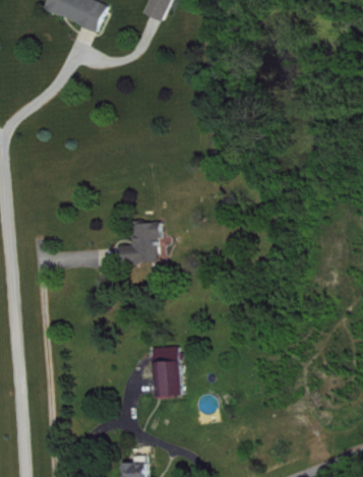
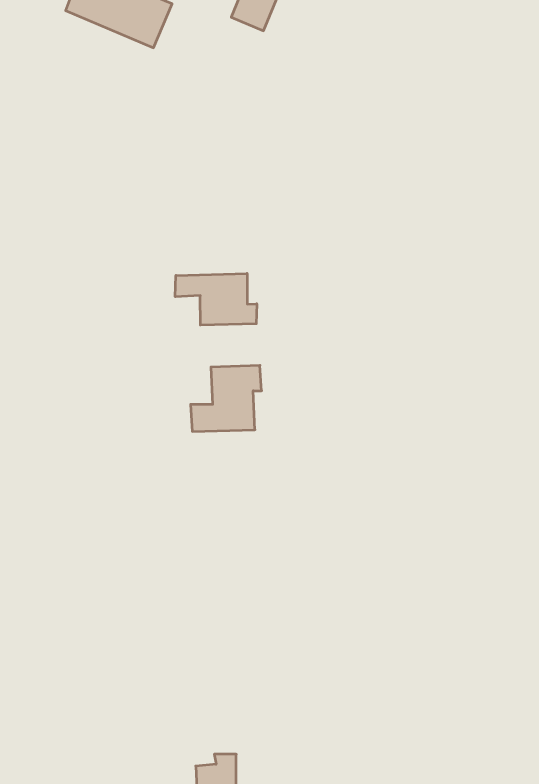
building: none -> [175,273,257,325]
building: [150,347,179,397] -> none

